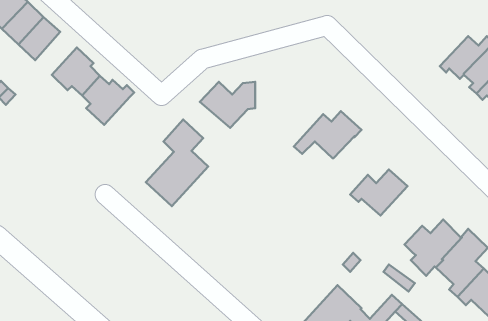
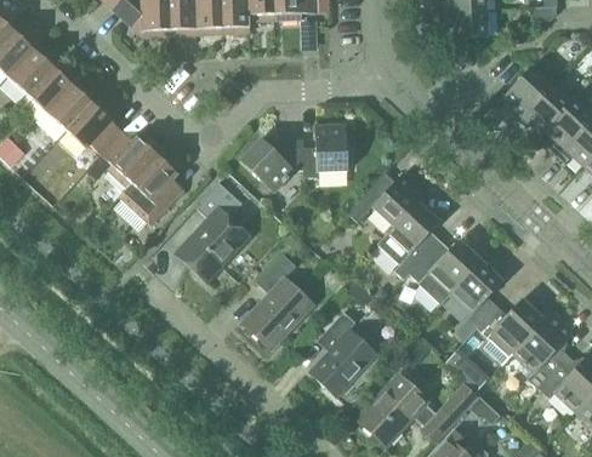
building: none -> [502,57,551,120]
building: none -> [47,80,96,130]
building: none -> [303,124,347,177]
building: none -> [121,150,183,223]
building: none -> [386,201,439,280]
building: none -> [241,253,312,348]
building: none -> [449,259,502,327]
building: none -> [308,313,376,398]

